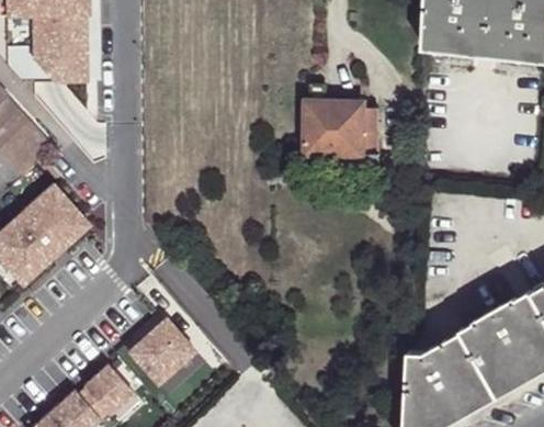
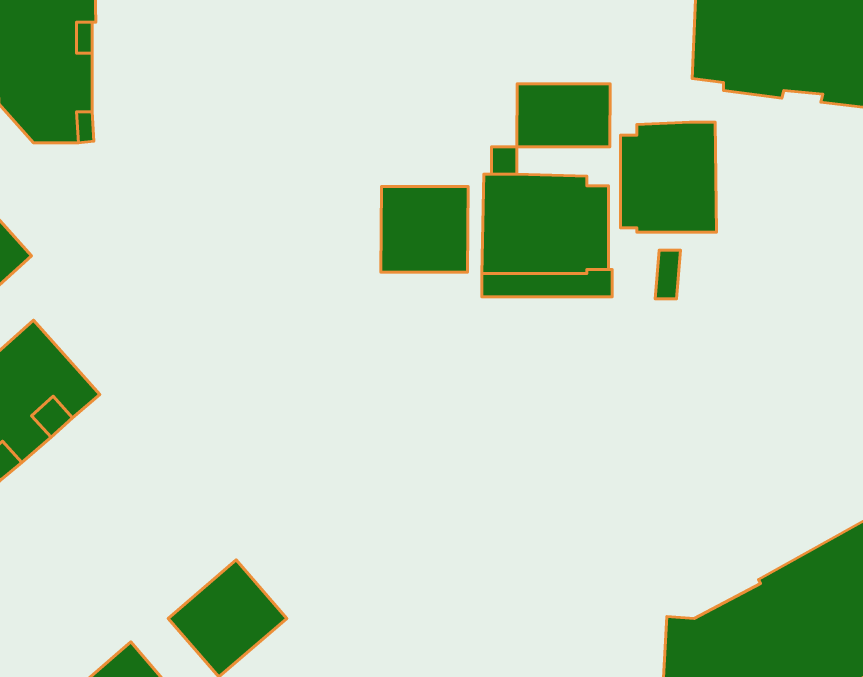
building: none -> [517,84,610,147]
building: none -> [620,122,717,232]
building: none -> [381,186,468,272]

